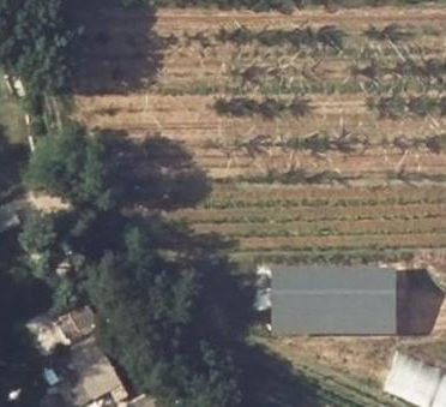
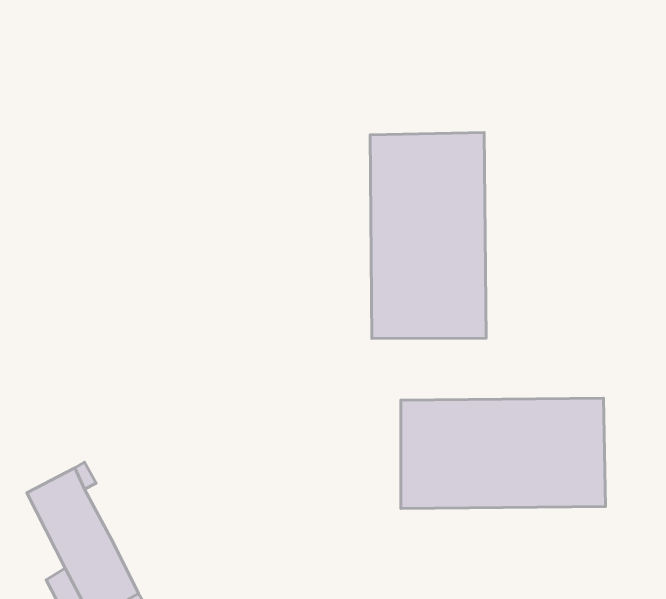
building: none -> [370,133,486,338]

